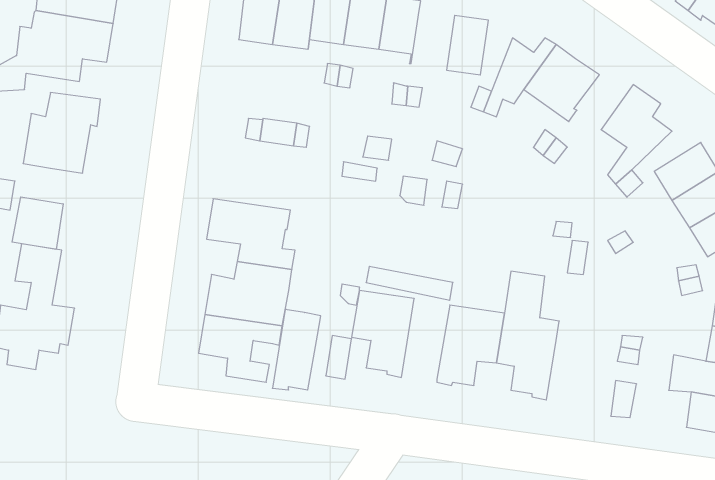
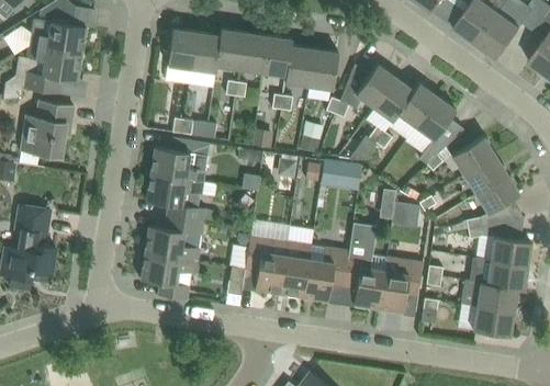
building: none -> [285,46,315,87]
building: none -> [396,83,437,127]
building: none -> [150,137,210,182]
building: none -> [322,160,362,189]
building: [12,197,63,249] -> none
building: [272,309,321,390] -> [279,242,312,297]
building: none -> [378,258,423,313]

